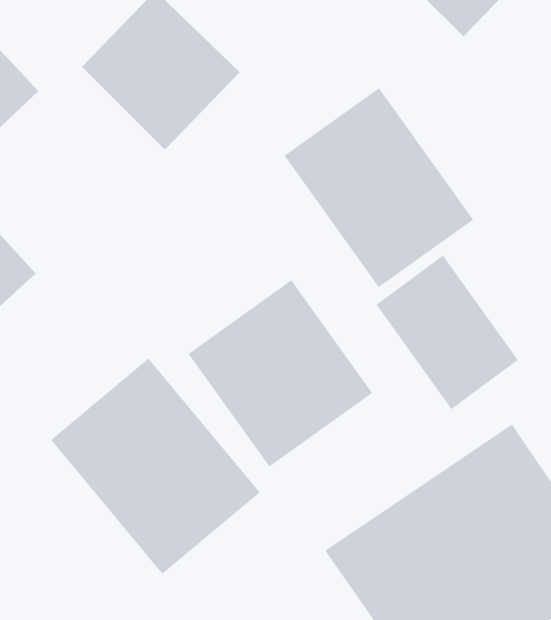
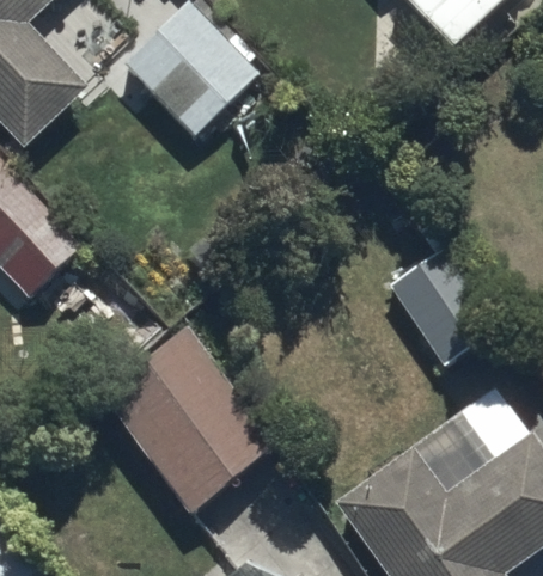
building: [283,87,474,288] -> none
building: [187,279,373,468] -> none

